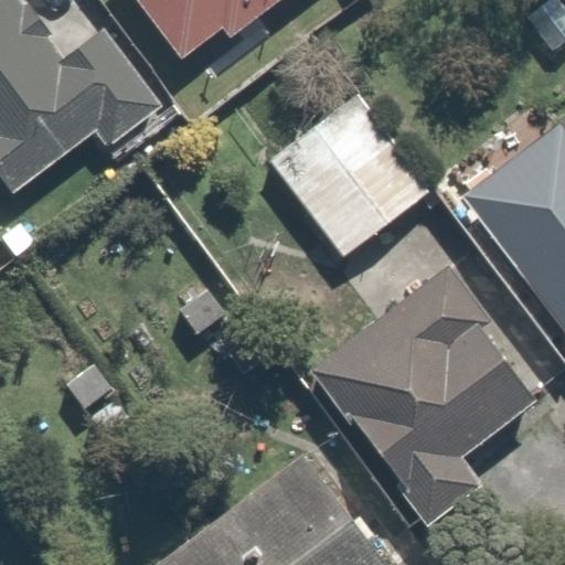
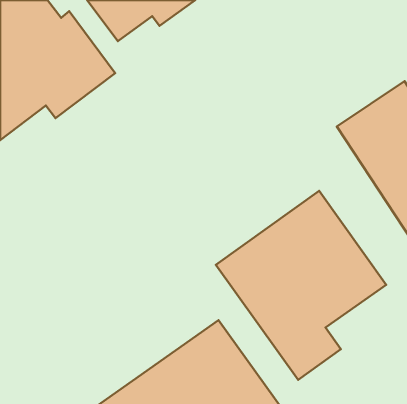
building: [258,84,437,263] -> none

